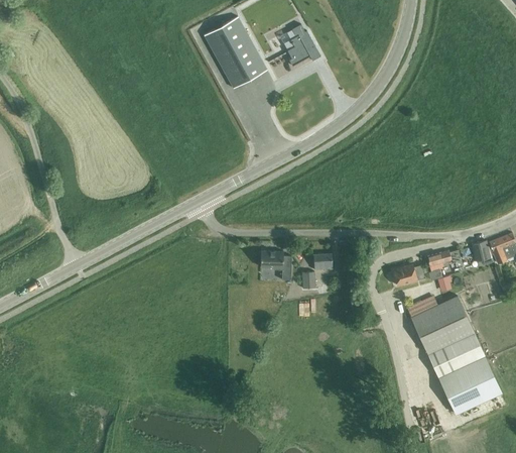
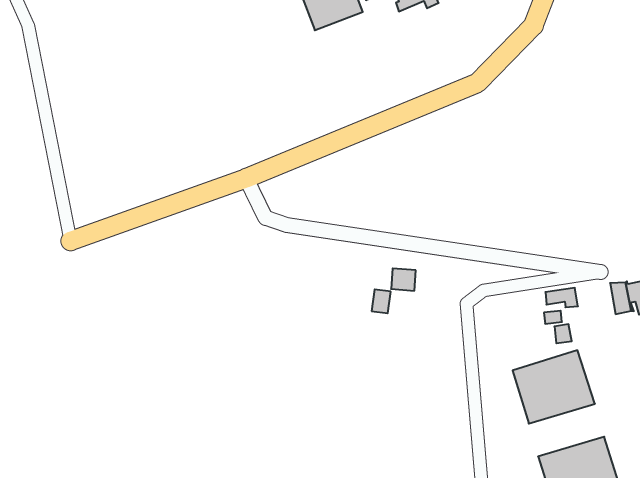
building: [260,249,291,278] -> none
building: [393,264,425,286] -> none
building: [428,333,485,376] -> none

